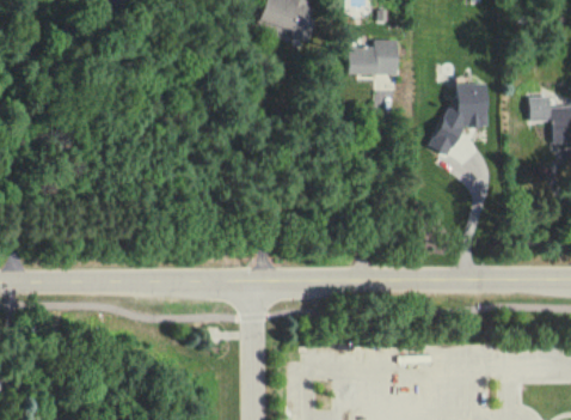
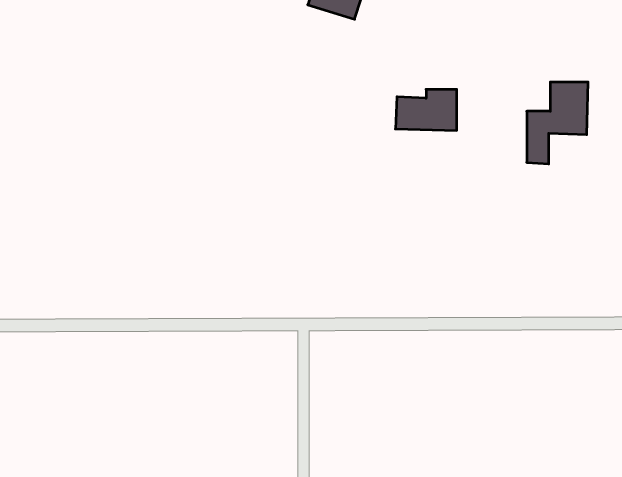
building: [346,41,397,74] -> [395,89,457,130]

